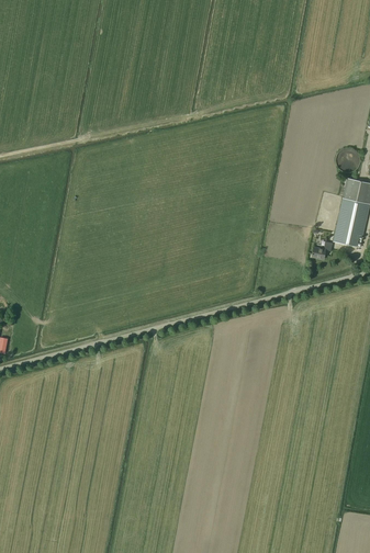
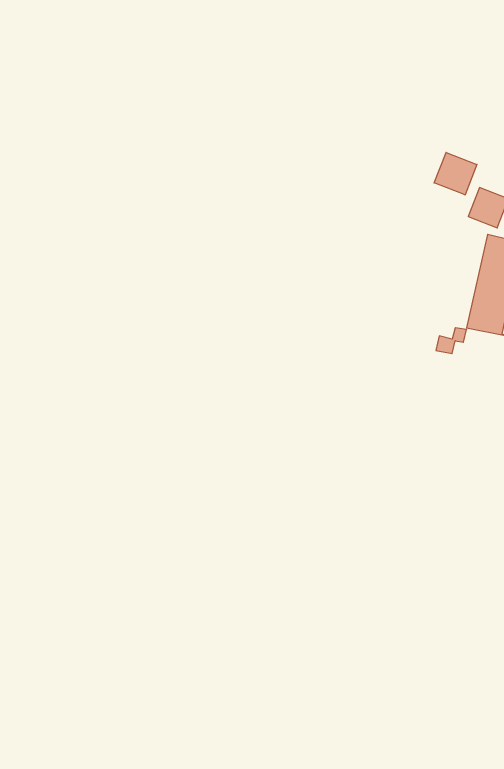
building: none -> [434,152,477,195]

